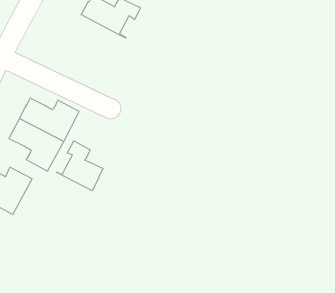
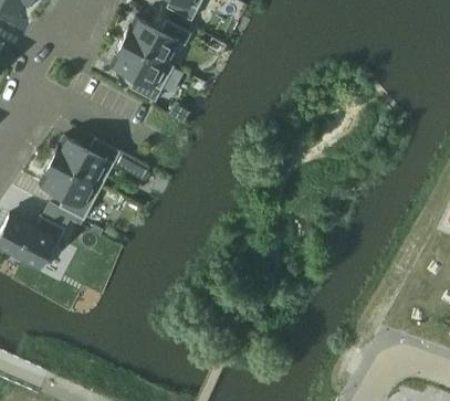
building: none -> [111,41,172,102]
building: [57,141,103,191] -> none

